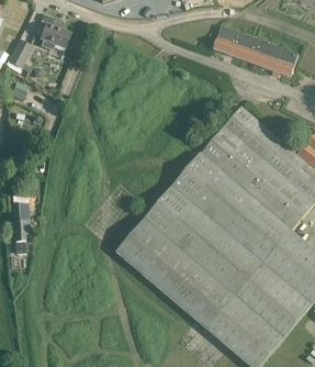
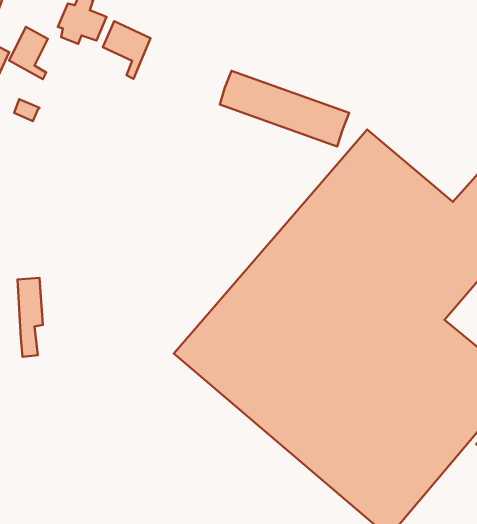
building: [214,25,299,75] -> [220,71,349,147]
building: none -> [103,21,151,79]

